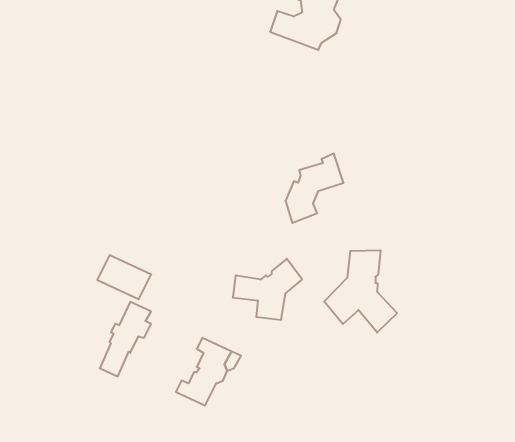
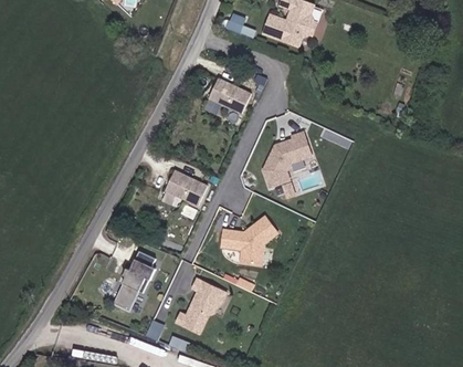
building: none -> [208,77,250,113]
building: [324,250,397,333] -> none
building: [97,255,151,299] -> [165,169,208,205]

